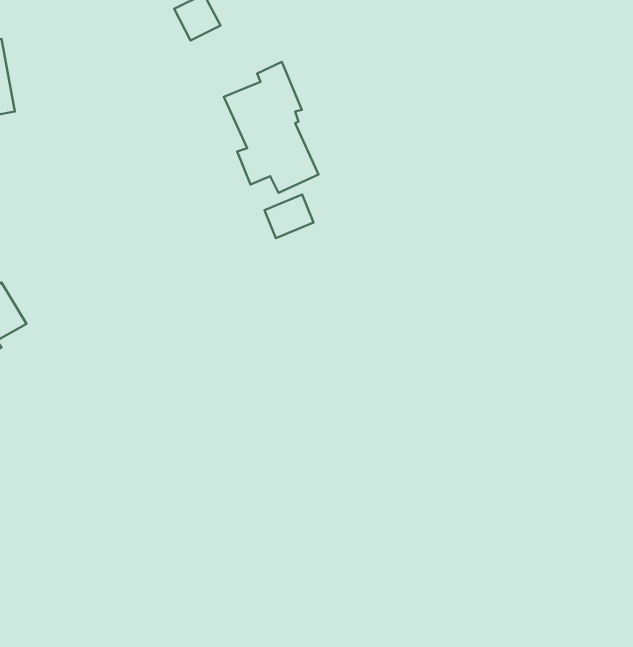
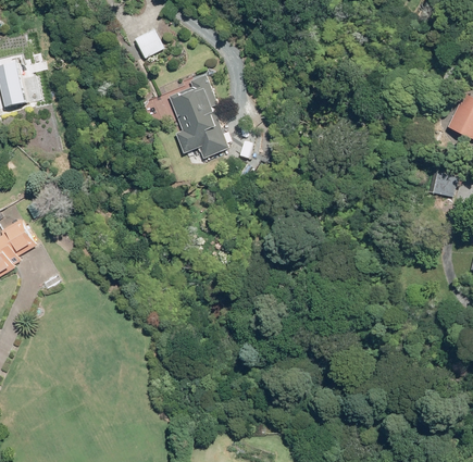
building: [265,194,314,238] -> none

